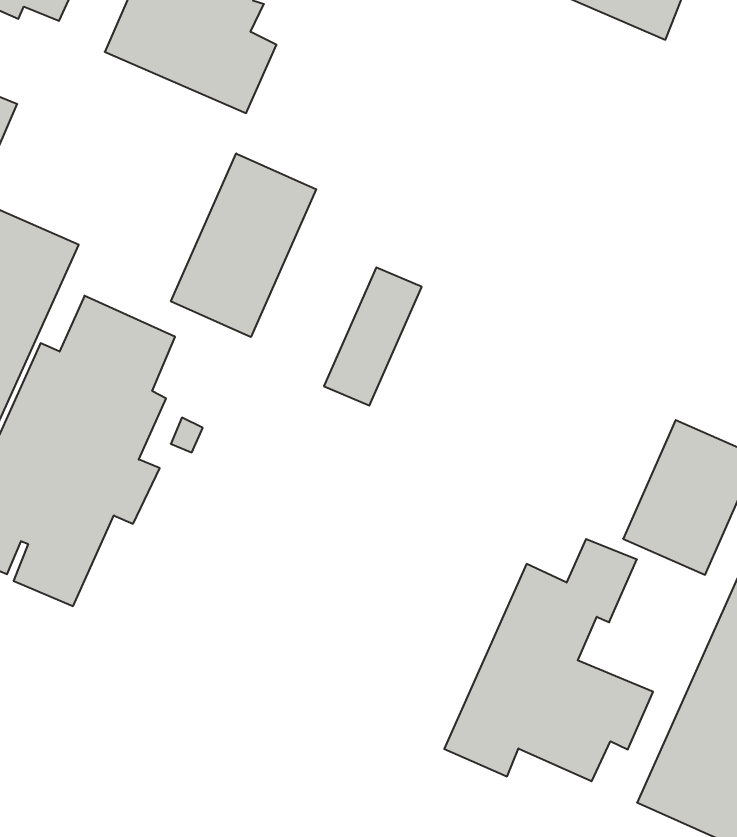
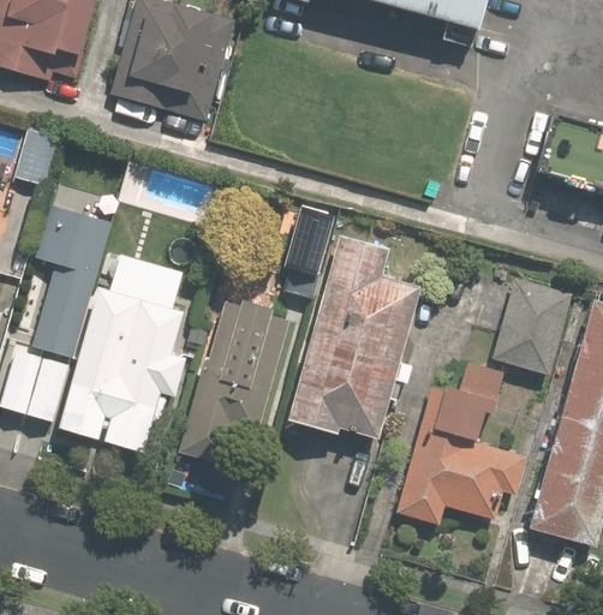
building: [171,153,316,337] -> none
building: none -> [286,234,420,438]
building: none -> [181,300,291,462]

